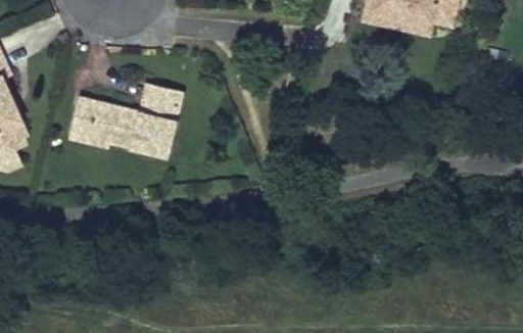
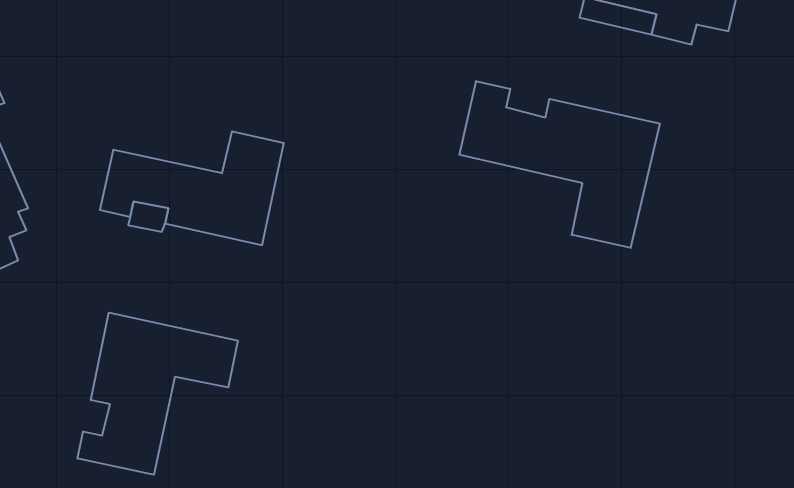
building: none -> [459,81,660,248]
building: none -> [78,313,238,475]

